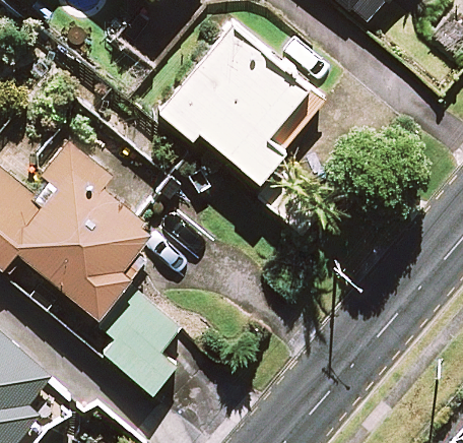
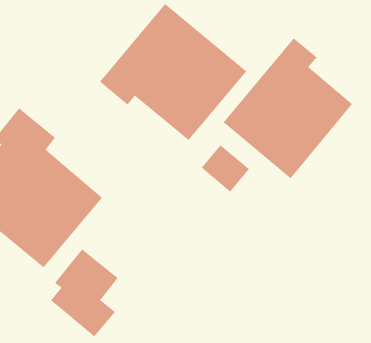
building: none -> [223,38,353,179]

